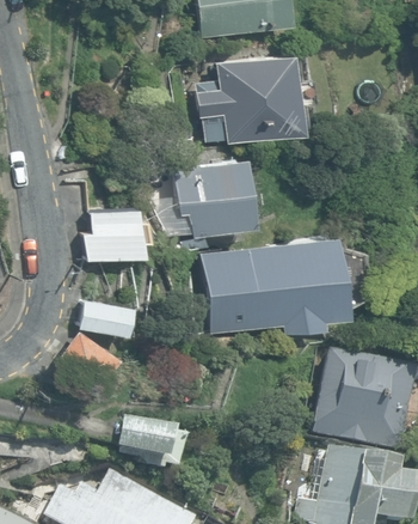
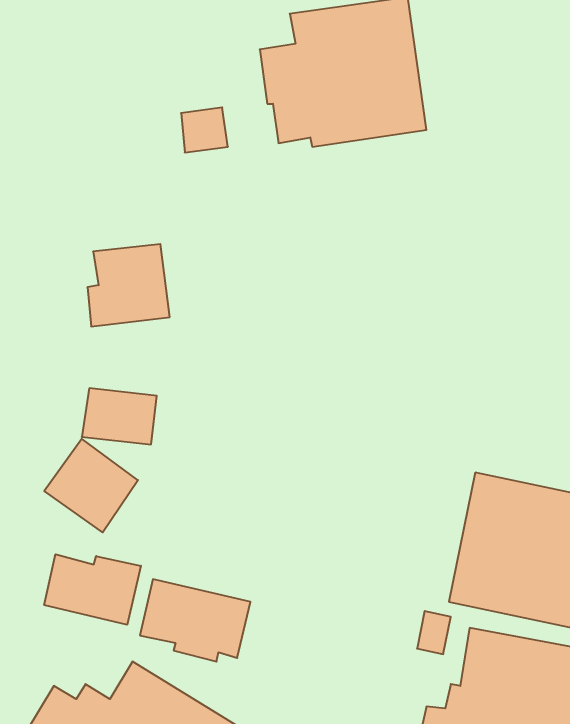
building: [173,159,254,234] -> none
building: [203,236,344,334] -> none
building: none -> [44,554,141,625]

